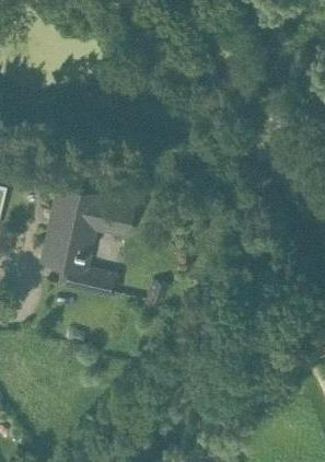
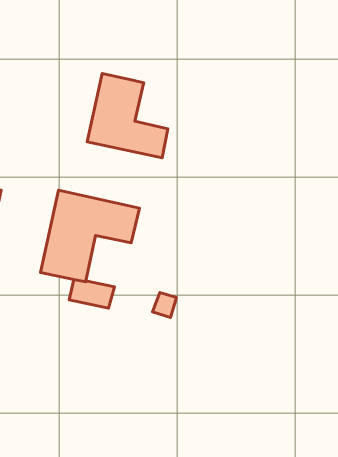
building: none -> [87,73,168,158]

